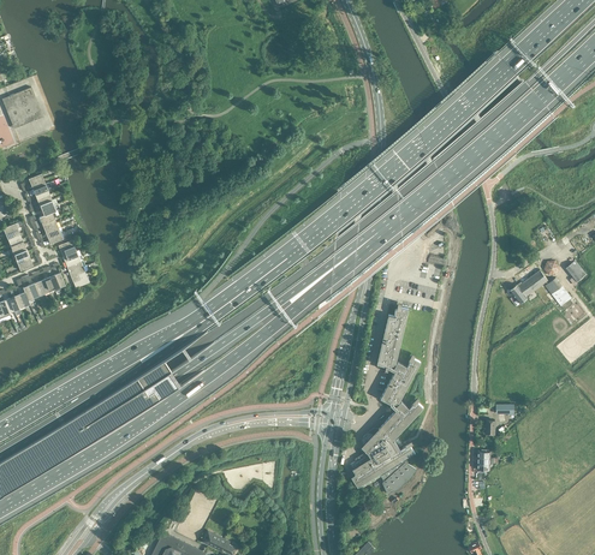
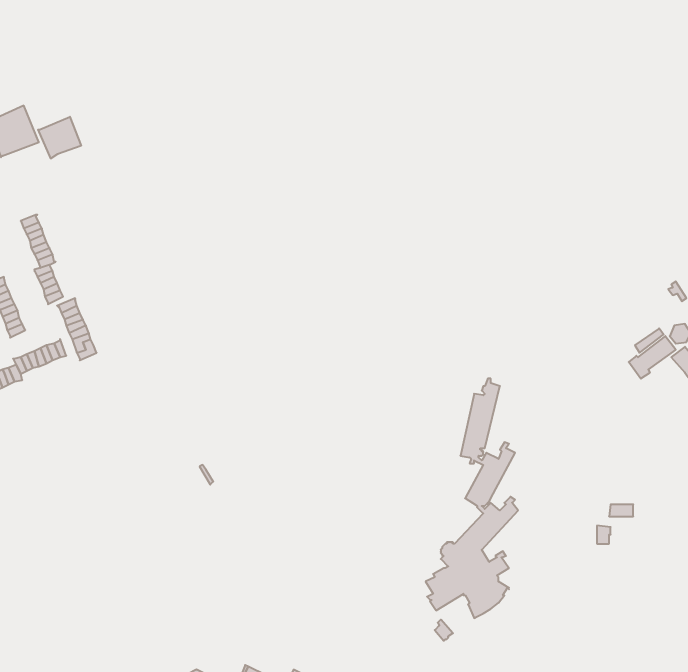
building: none -> [38,117,81,159]

